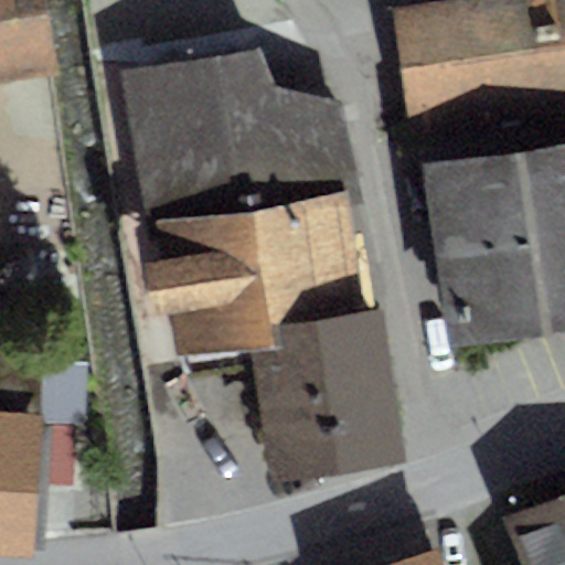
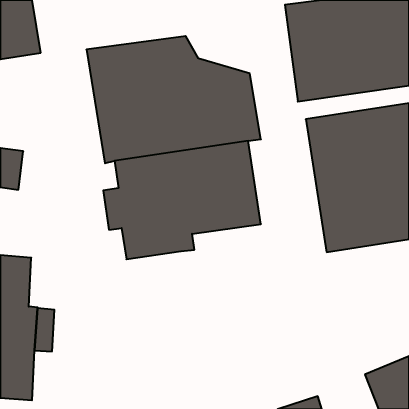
building: [249,305,409,484] -> none

